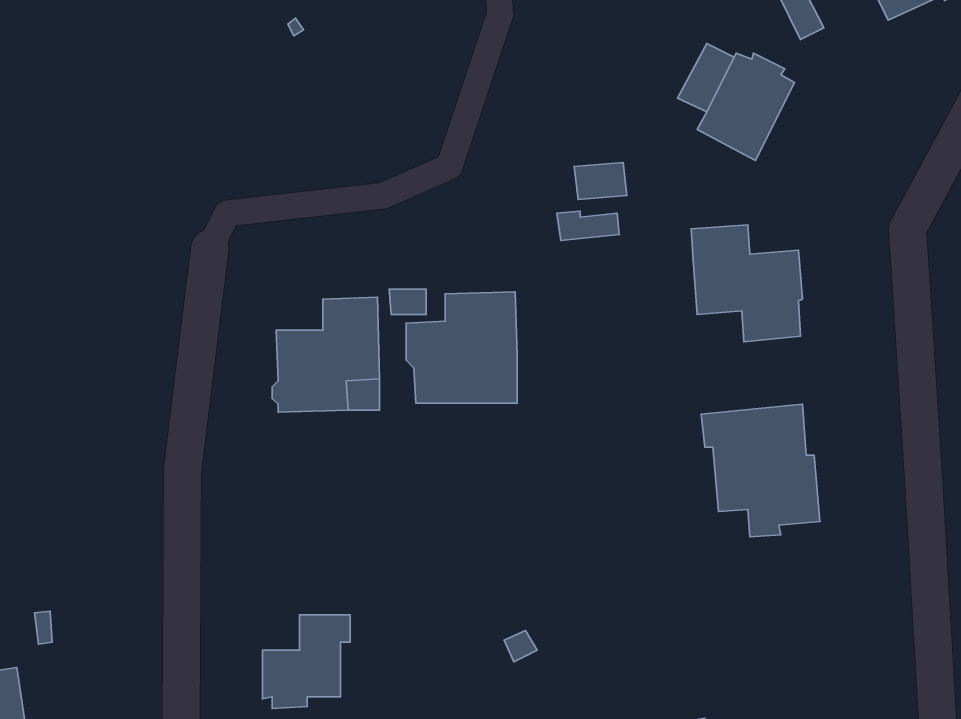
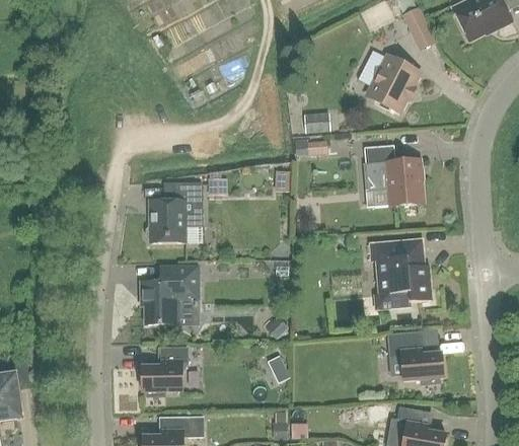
building: [406,292,517,403] -> [141,266,199,323]
building: none -> [388,331,444,384]

